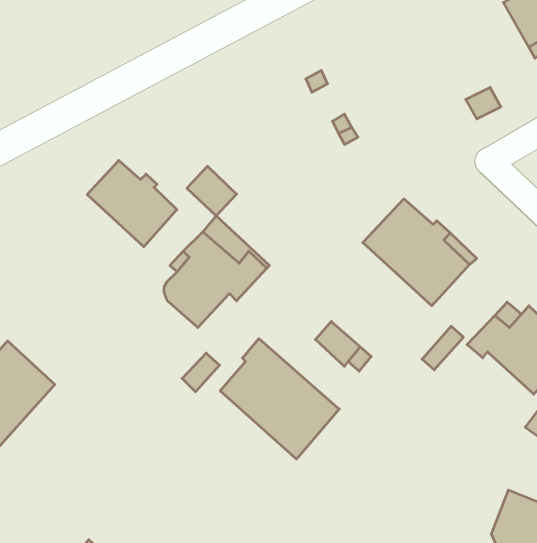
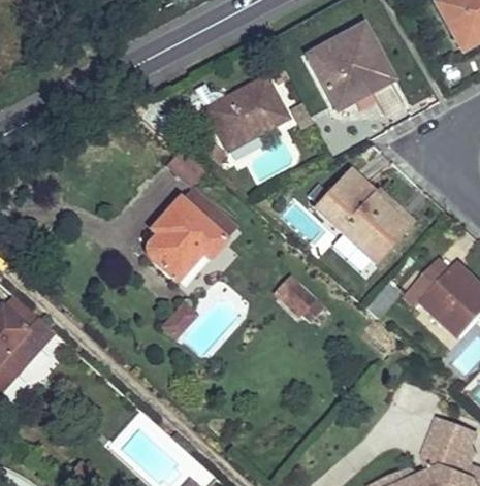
building: none -> [308,26,392,110]
building: none -> [175,77,288,153]
building: [87,160,177,247] -> none
building: [220,339,339,459] -> none

